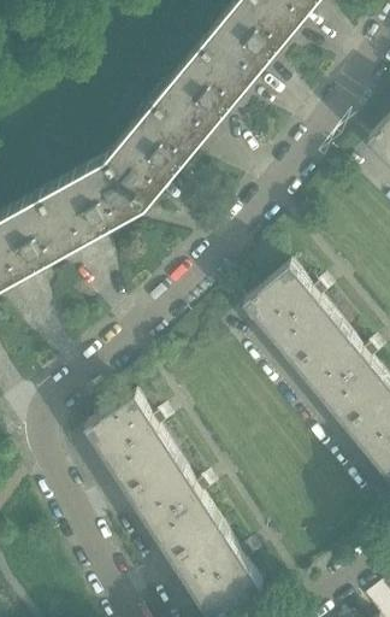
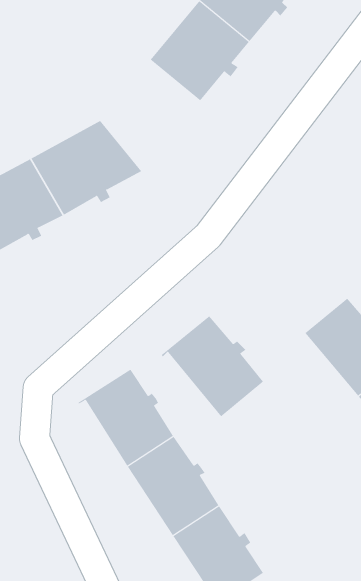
building: [104,105,199,211] -> none
building: [241,269,338,365] -> [161,316,264,417]

